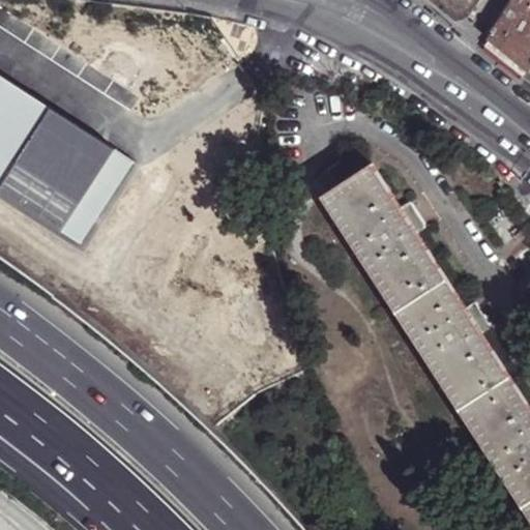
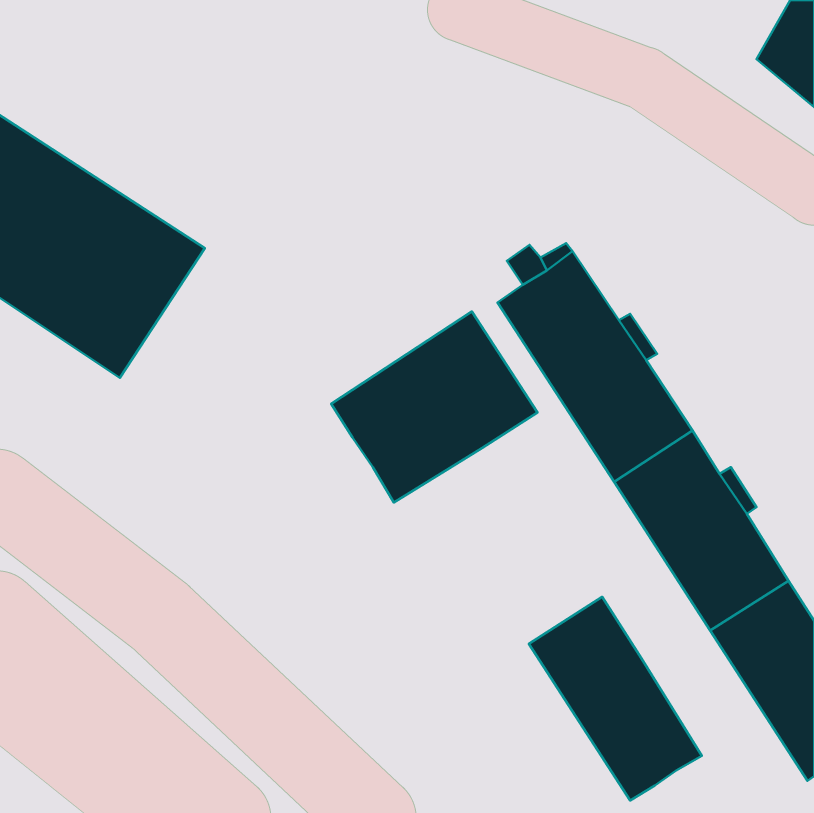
building: none -> [331,312,538,502]
building: none -> [529,597,702,800]

